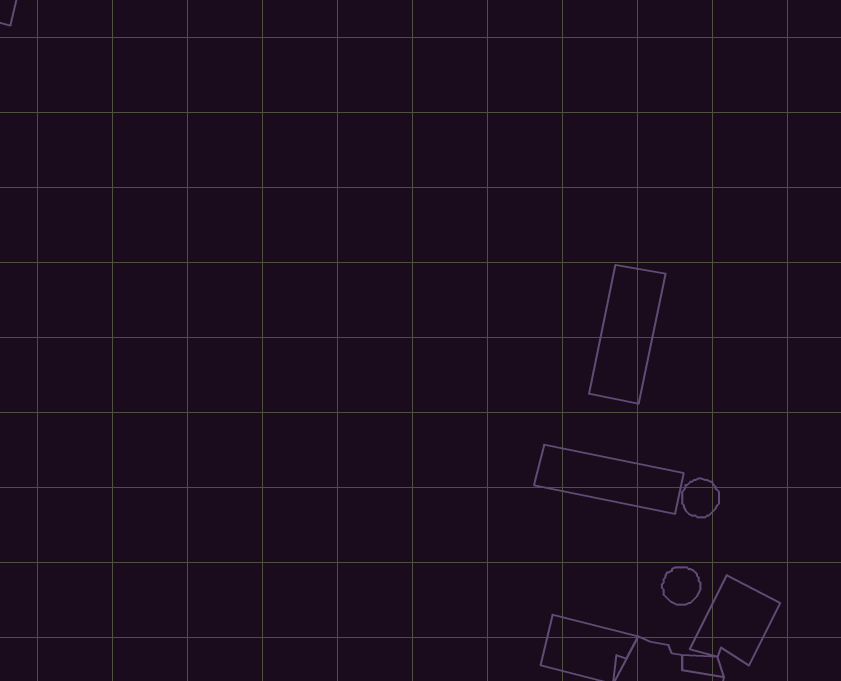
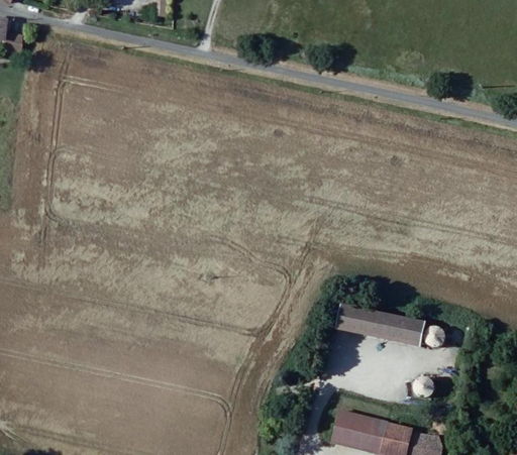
building: [589,265,666,404] -> none
building: [690,575,780,666] -> none

